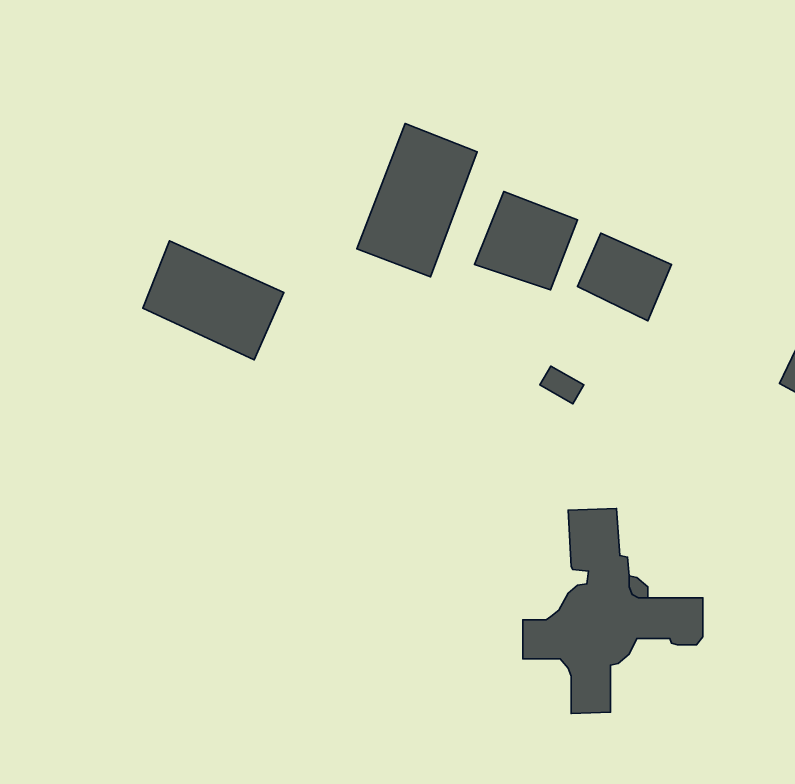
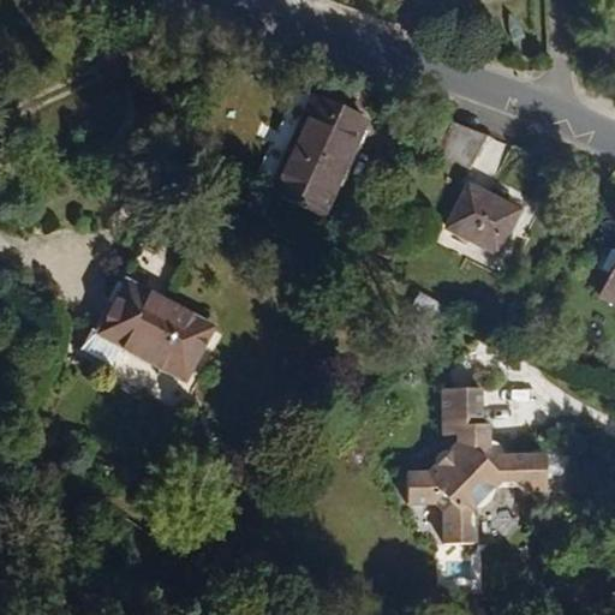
building: [474,192,578,290] -> none
building: [143,241,284,360] -> [98,281,207,372]

